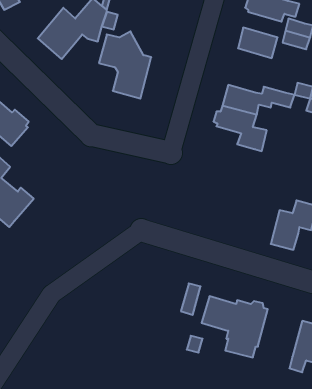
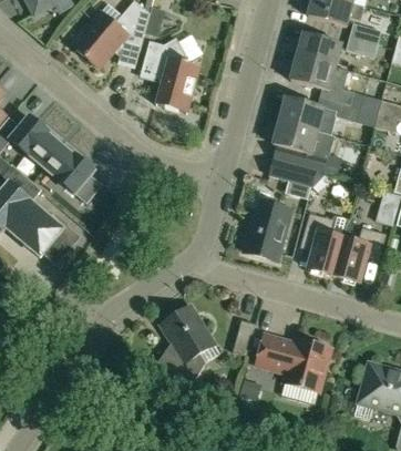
building: none -> [290,55,353,105]
building: none -> [42,142,102,203]
building: none -> [269,157,316,186]
building: none -> [244,202,291,259]
building: none -> [301,212,349,275]
building: none -> [152,305,214,392]

